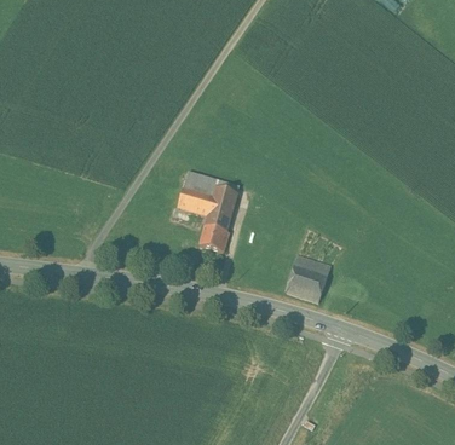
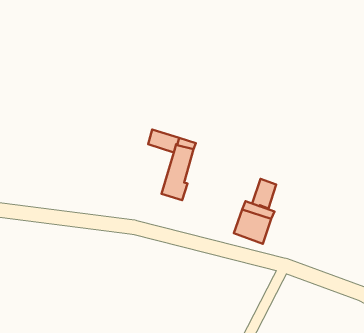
building: [177,187,213,216] -> none
building: none -> [252,179,276,208]

